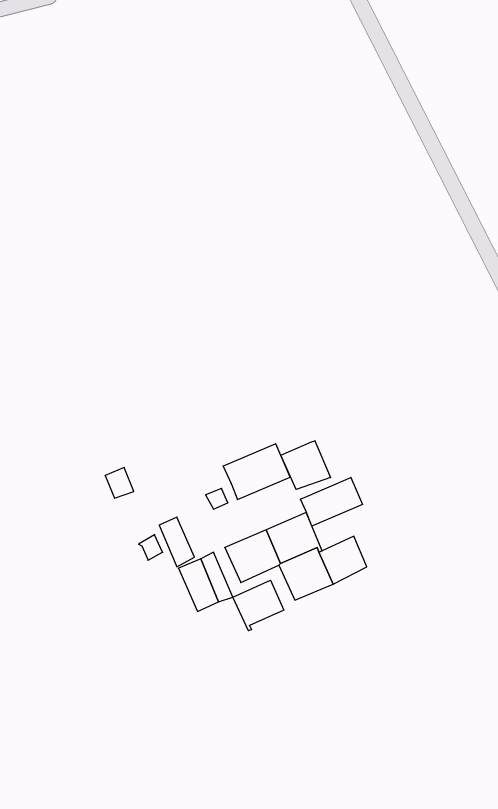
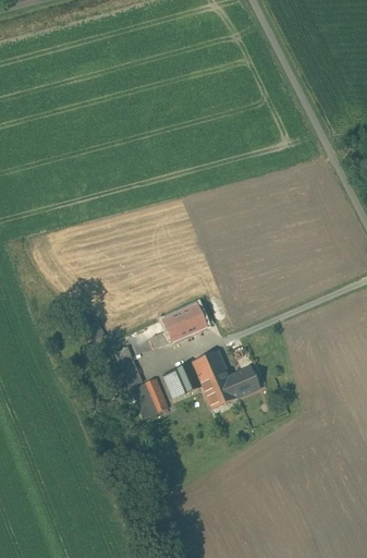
building: [281,441,331,489] -> none
building: [300,477,362,526] -> none
building: [233,580,284,631] -> none

